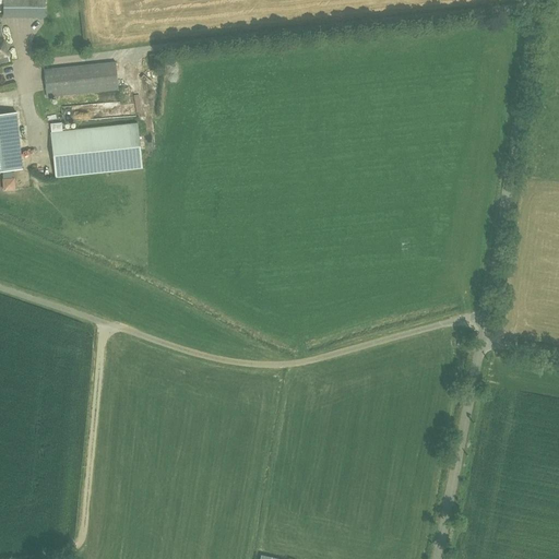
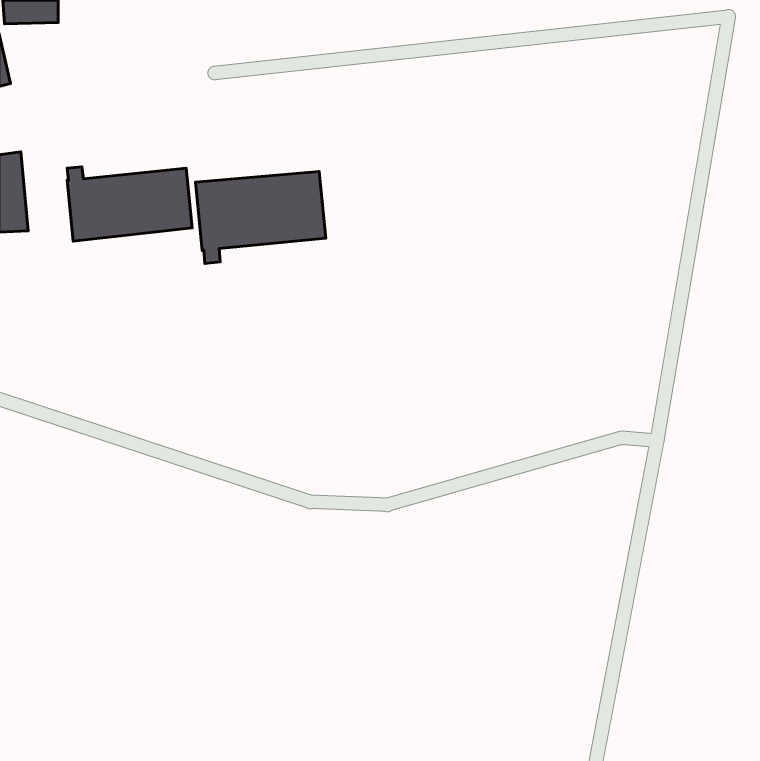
building: [43,62,117,96] -> none
building: none -> [195,172,326,264]

